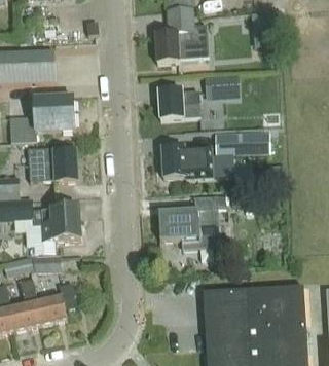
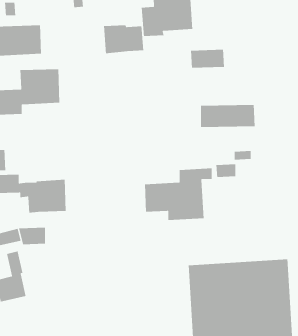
building: [158,89,199,119] -> [103,24,144,54]
building: [161,145,213,178] -> none
building: [27,147,77,182] -> none
building: [35,283,77,324] -> none

